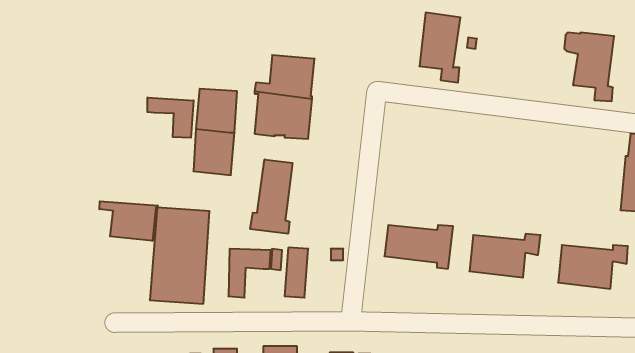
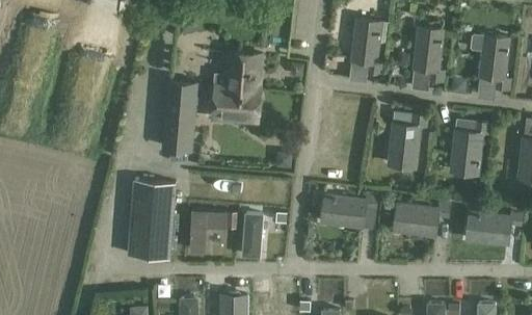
building: none -> [411,26,445,83]
building: [147,97,194,138] -> none
building: none -> [387,112,428,169]
building: none -> [448,120,490,177]
building: [250,159,292,234] -> none
building: [99,201,158,241] -> none

